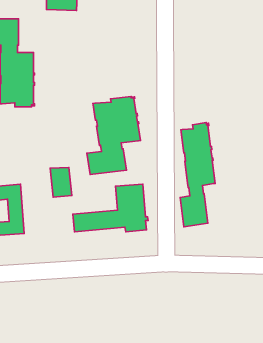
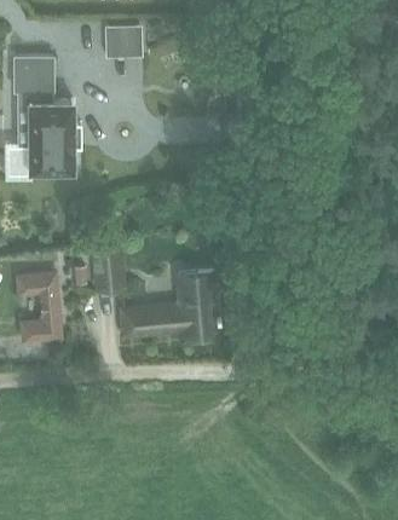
building: [87,96,140,174] -> none
building: [180,123,215,227] -> none

